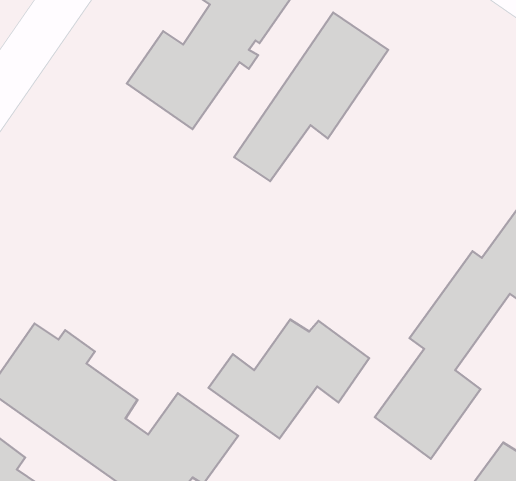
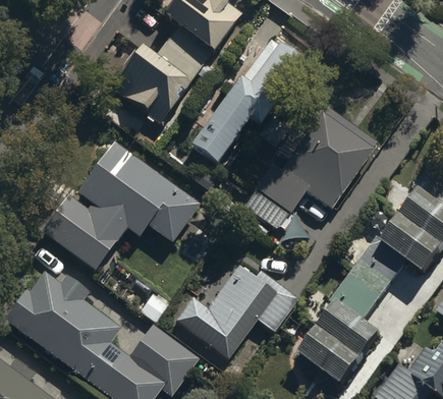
building: none -> [239,111,377,230]
building: none -> [42,139,200,265]

